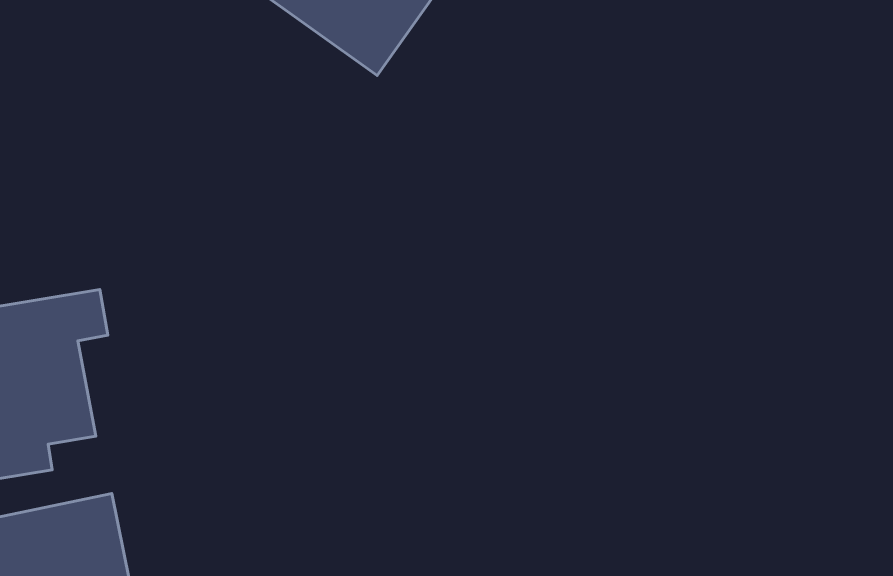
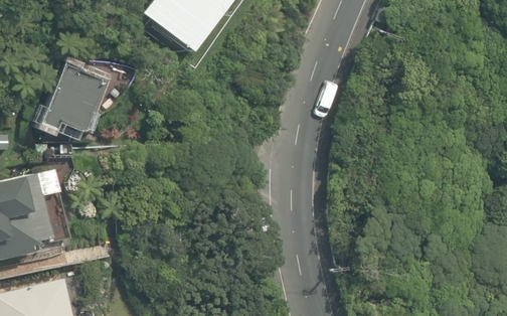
building: none -> [39,63,115,143]

